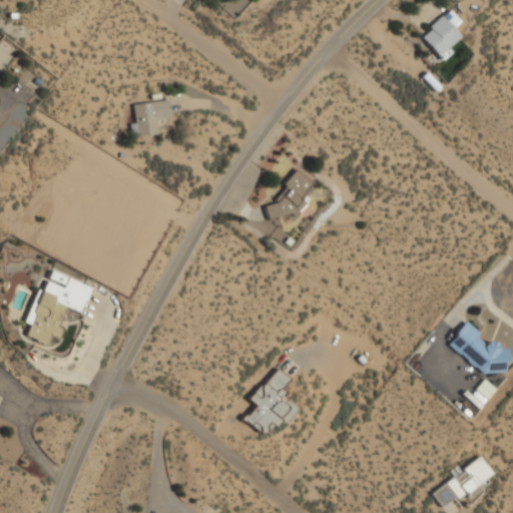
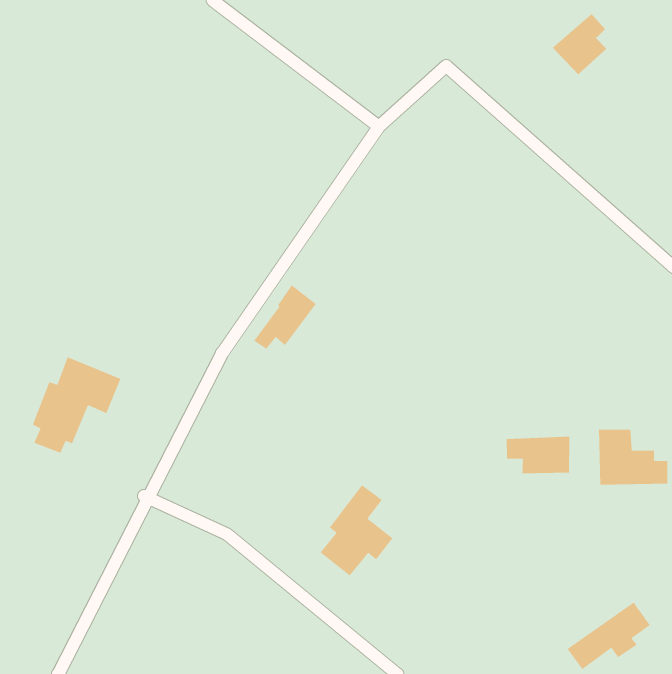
building: [133,100,172,137] -> none
building: [268,170,316,220] -> [253,284,317,350]
building: none -> [506,436,570,474]

